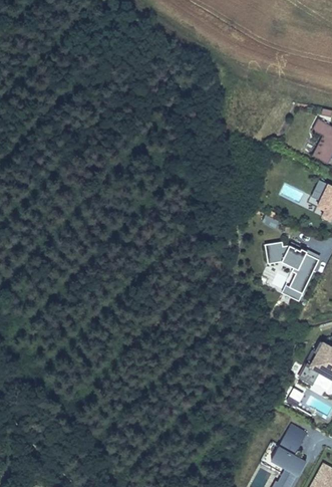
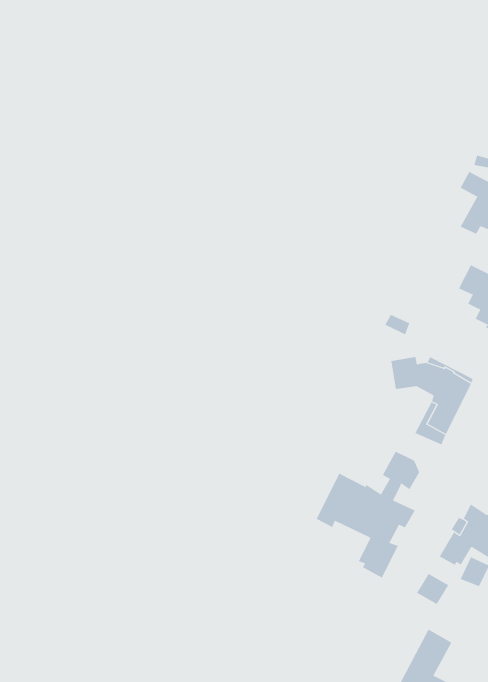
building: none -> [316,451,420,578]

